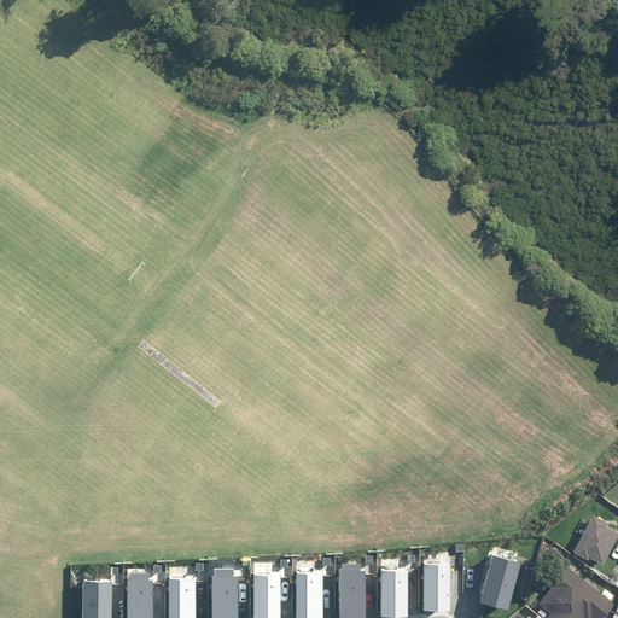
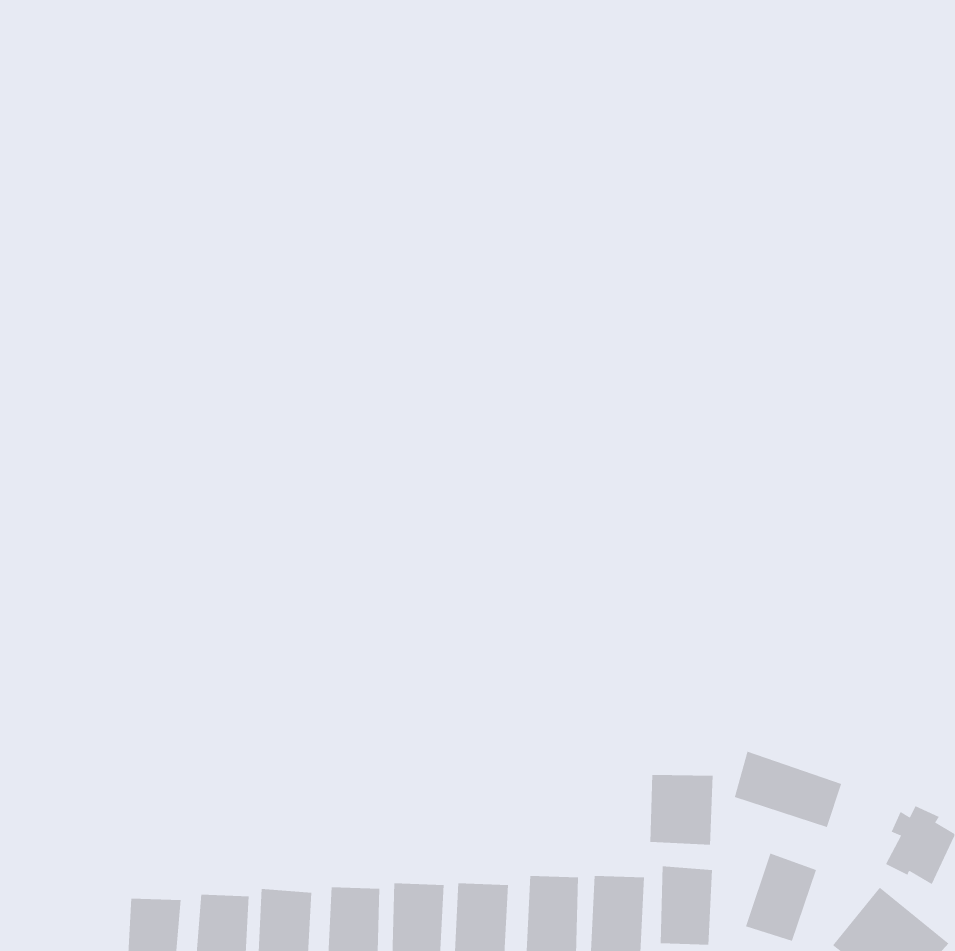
building: none -> [734,751,842,828]
building: none -> [650,774,713,845]

